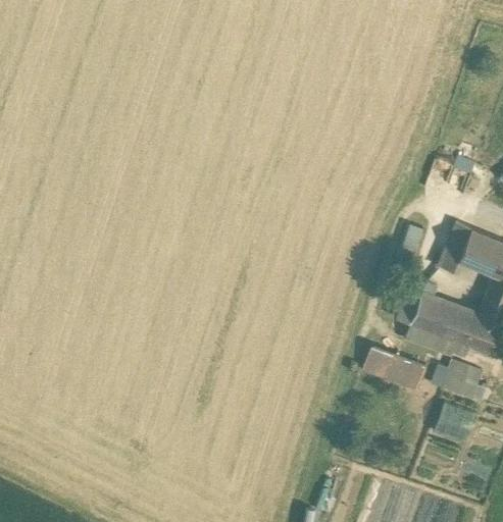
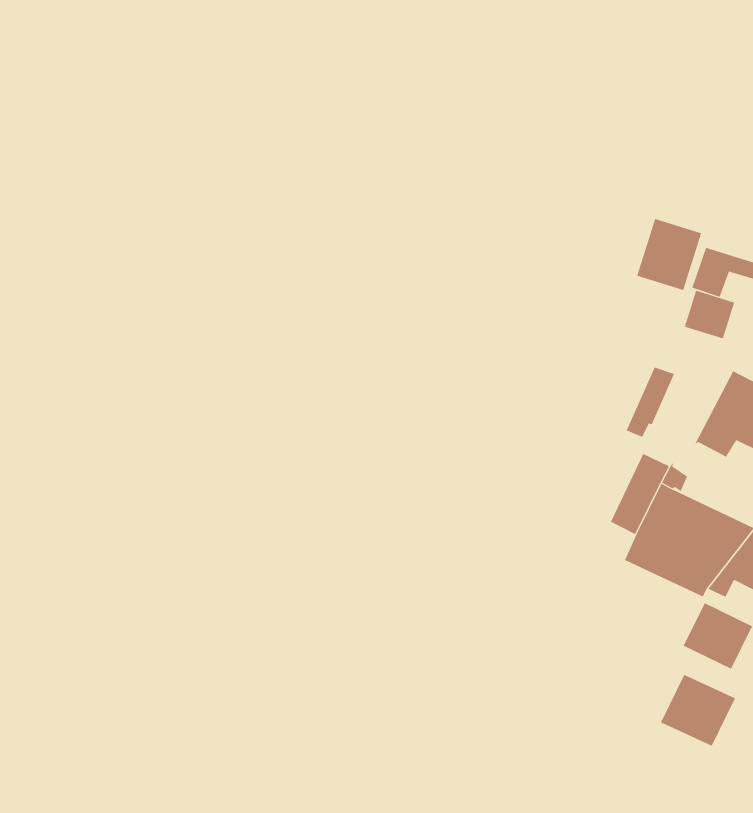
building: none -> [637,218,702,291]
building: none -> [684,290,735,339]
building: [363,347,426,390] -> none

